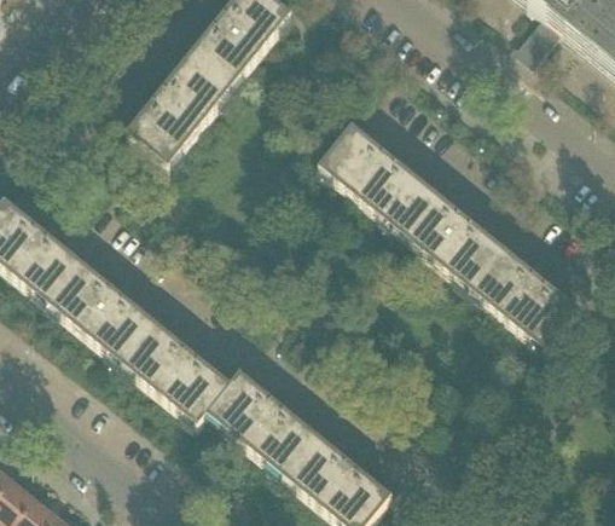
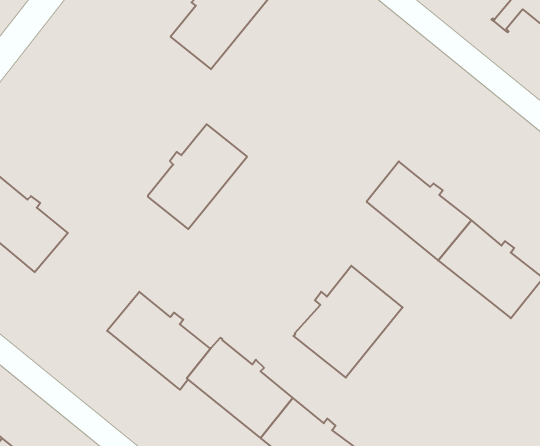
building: [123,54,227,164] -> [148,124,247,229]
building: [314,123,424,227] -> none
building: [42,260,152,363] -> none
building: none -> [293,266,403,378]

